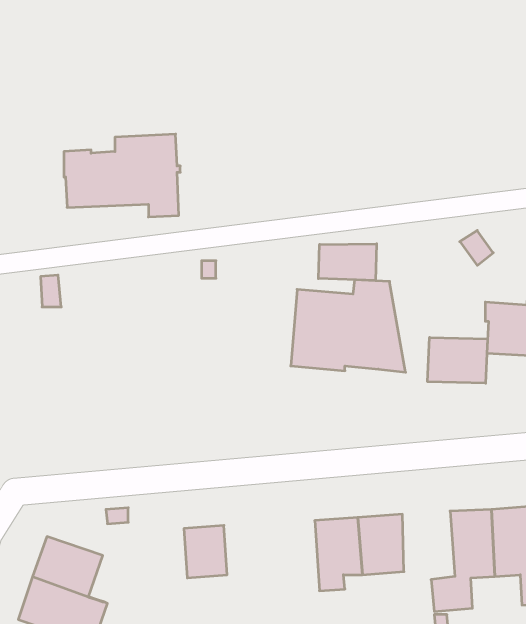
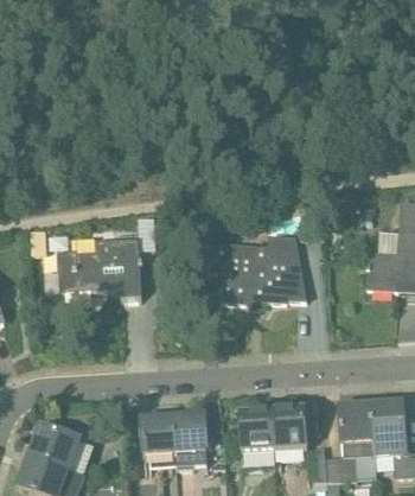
building: [64,134,180,217] -> [57,239,143,300]
building: [318,244,377,281] -> none
building: [428,337,487,383] -> none
building: none -> [172,415,208,470]

